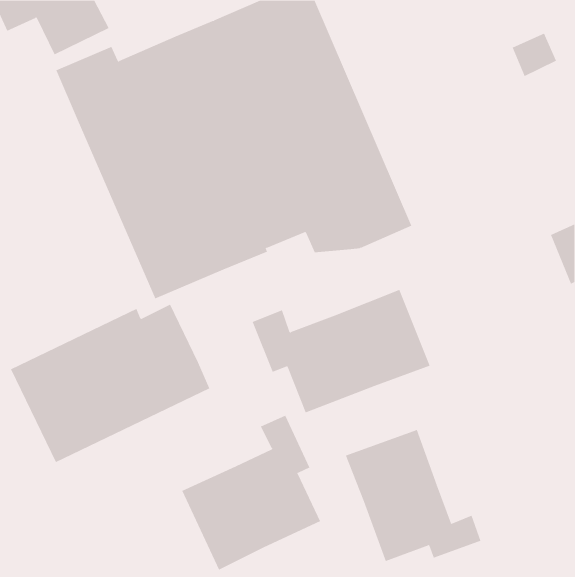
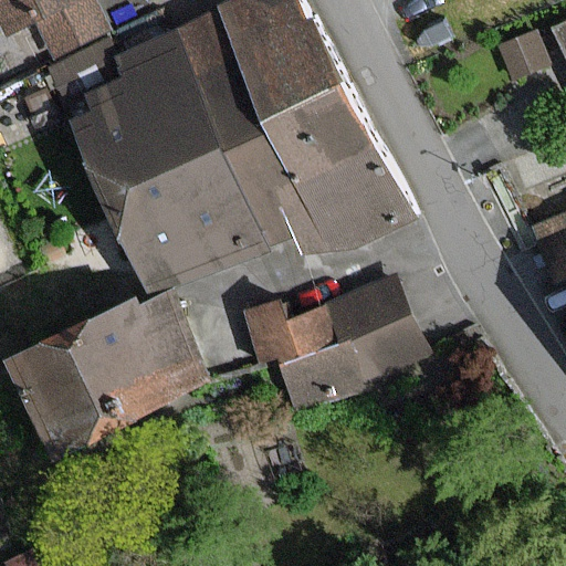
building: [181,415,321,570] -> none
building: [345,429,481,562] -> none

